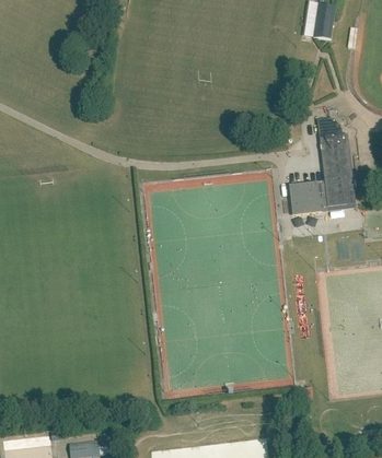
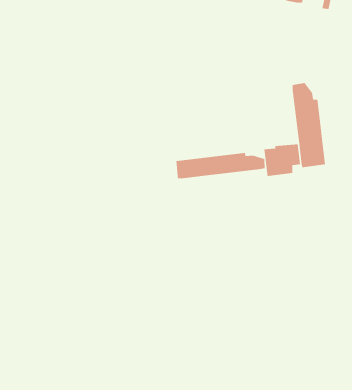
building: none -> [176,152,265,179]

